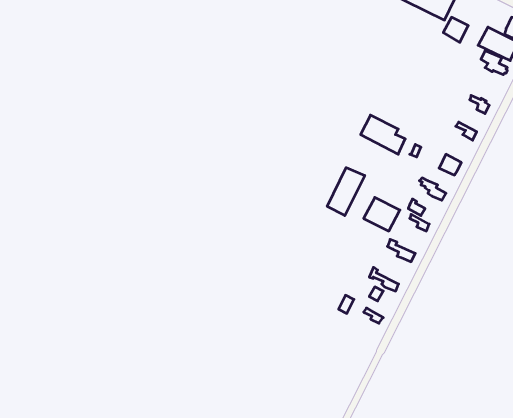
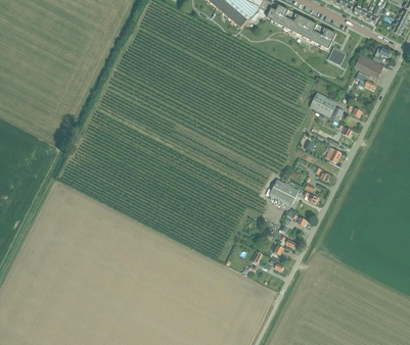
building: [361,115,405,154] -> [310,92,343,120]
building: [327,168,365,216] -> none

